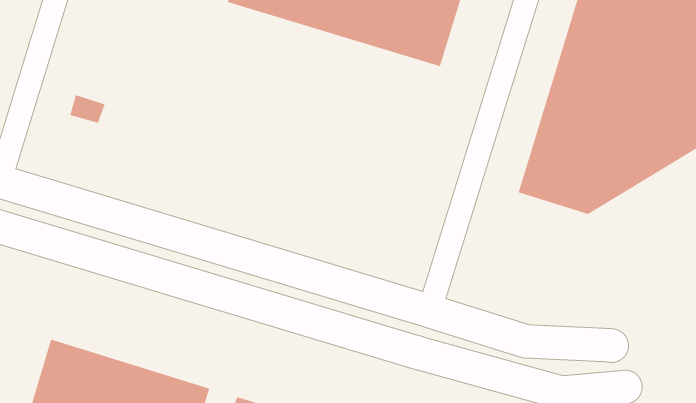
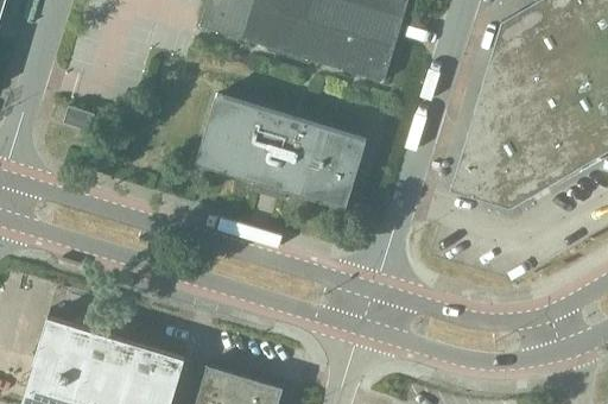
building: none -> [196,94,367,207]

